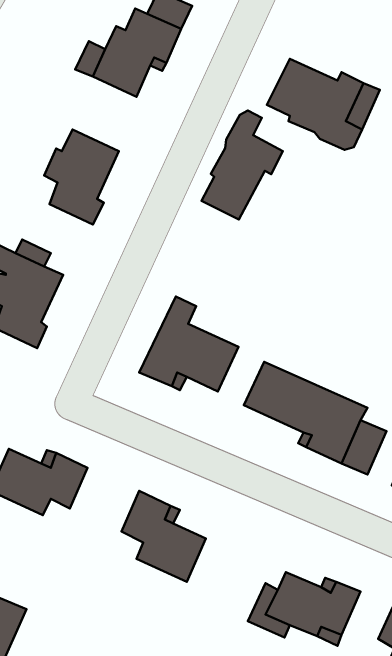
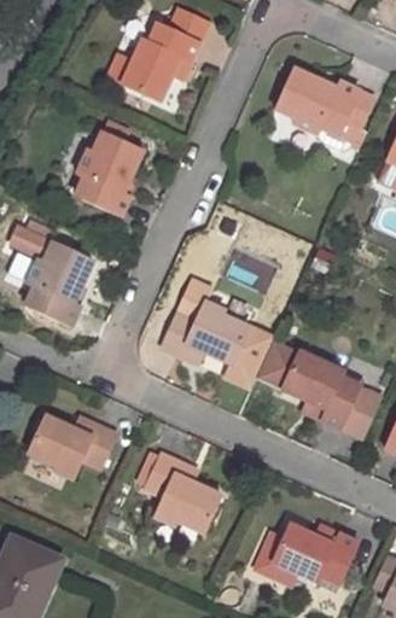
building: [202,110,283,219] -> none

